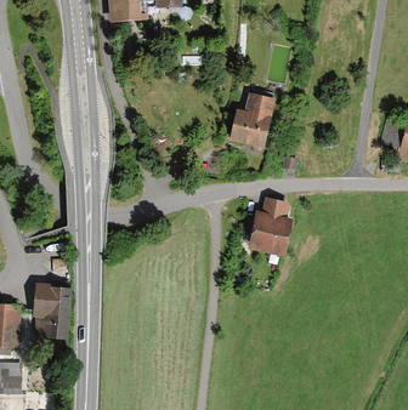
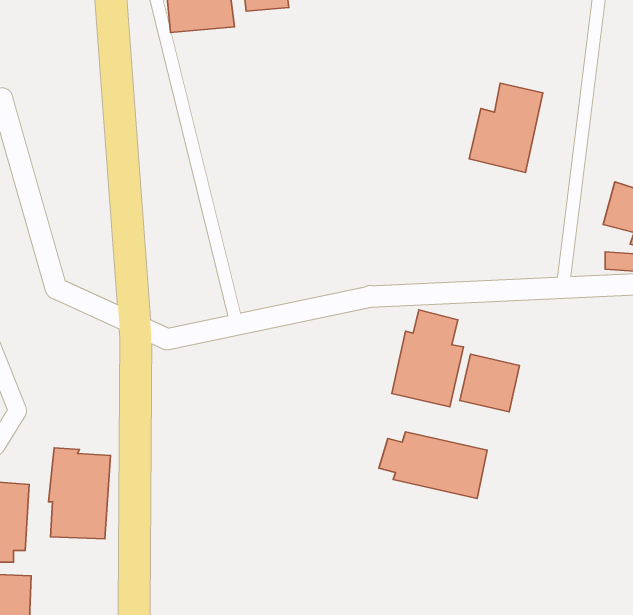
building: [230,93,276,149] -> [469,83,543,172]
building: none -> [460,354,520,412]
building: none -> [379,432,487,499]

